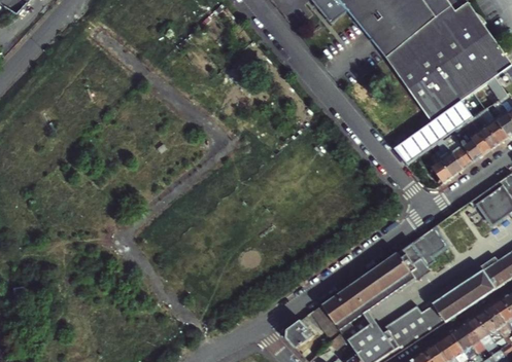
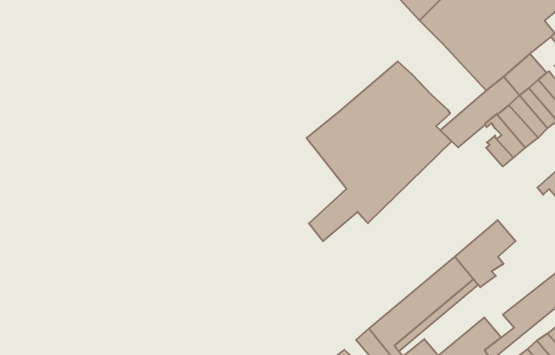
building: none -> [307,61,451,241]

